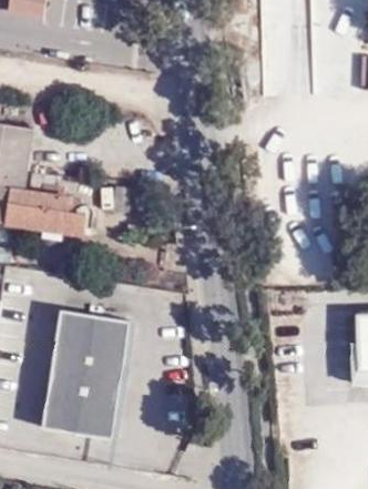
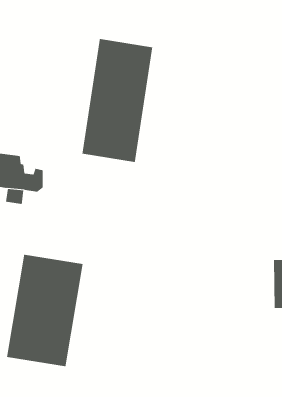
building: none -> [82,38,153,163]

